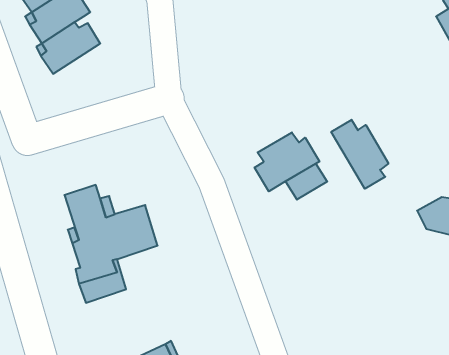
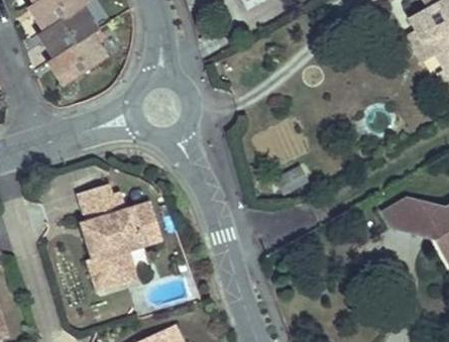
building: [331,120,388,189] -> none
building: [255,132,319,191] -> none

